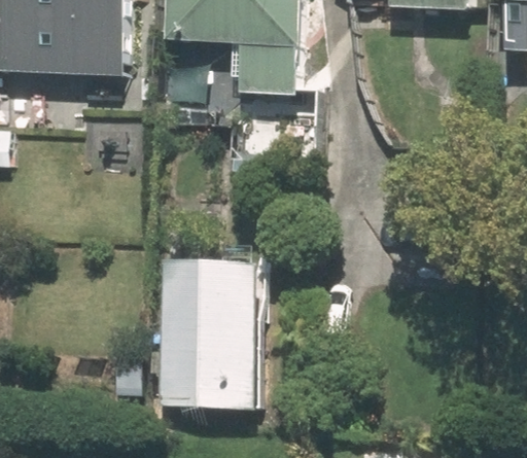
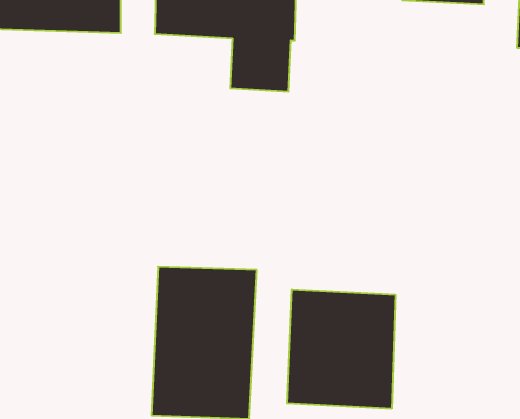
building: none -> [287,289,395,409]

